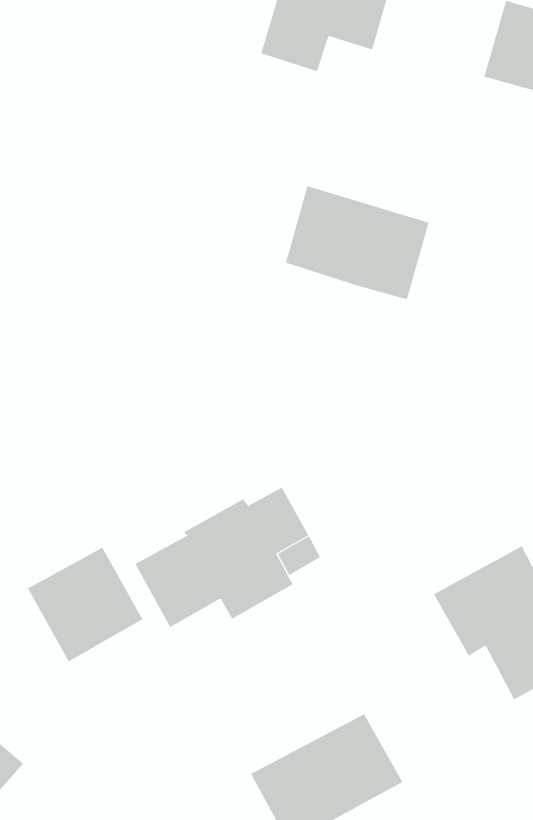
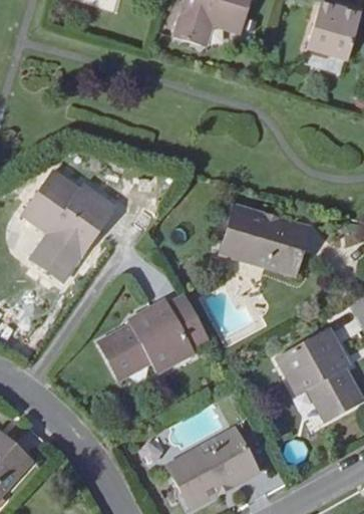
building: [285,186,429,300] -> [222,206,308,274]
building: none -> [24,173,116,282]
building: [27,547,143,662] -> none

